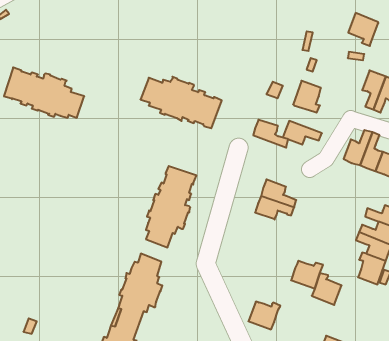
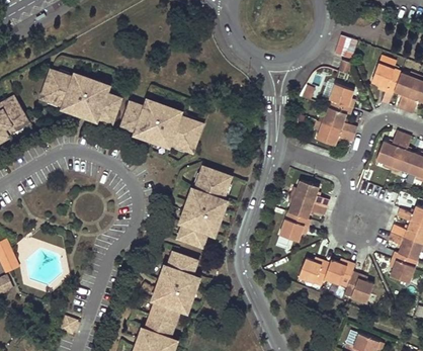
building: [348,13,378,46] -> [371,63,401,95]
building: [140,77,222,128] -> [122,101,202,152]
building: [253,120,288,148] -> [322,107,356,135]
building: none -> [279,211,311,242]
building: [248,302,280,329] -> [299,259,330,286]

